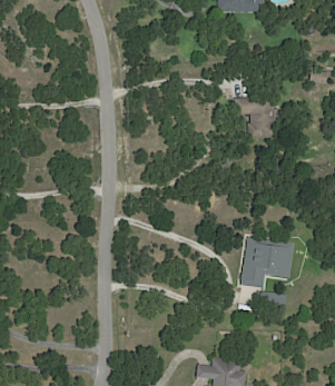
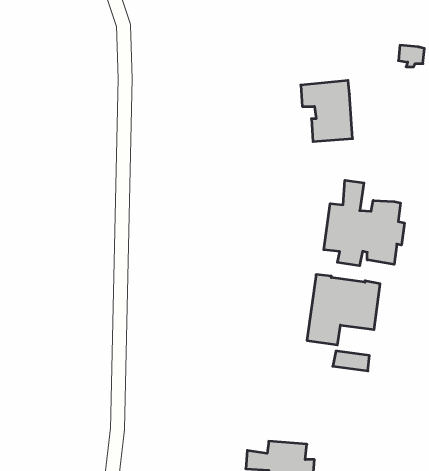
building: none -> [324,180,404,266]

